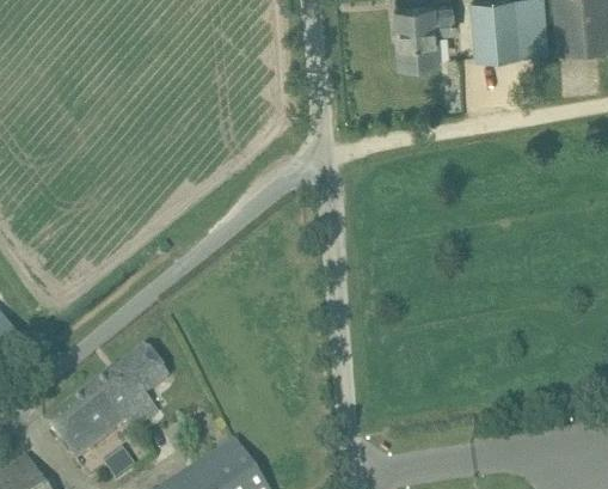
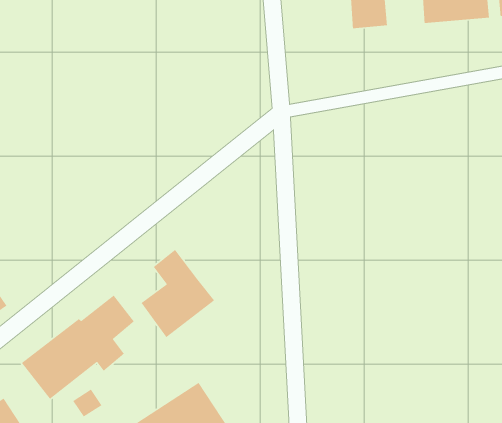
building: none -> [141,249,215,338]

